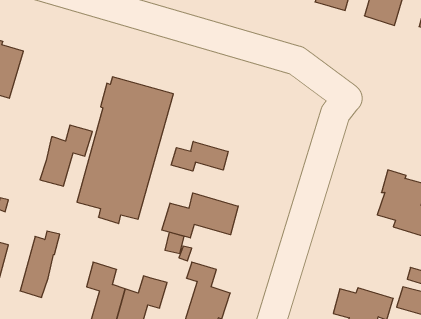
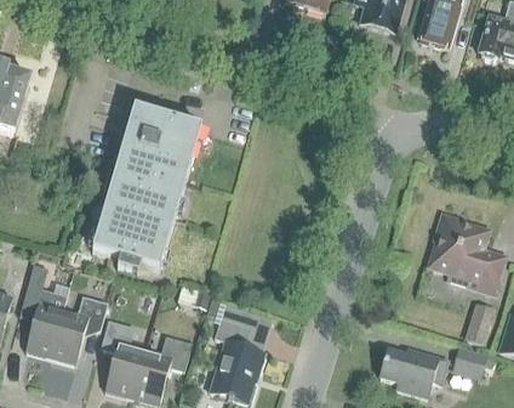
building: [40,125,92,186] -> [51,296,110,366]
building: [171,141,228,171] -> none
building: [162,193,238,238] -> none

